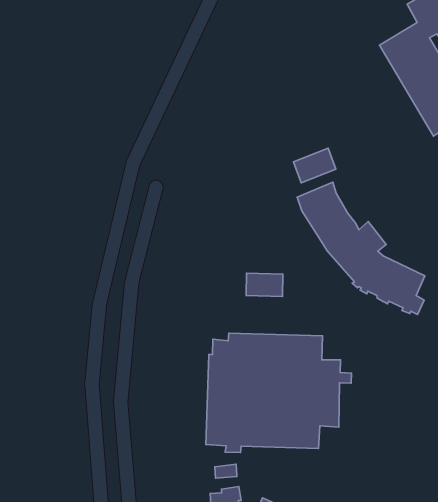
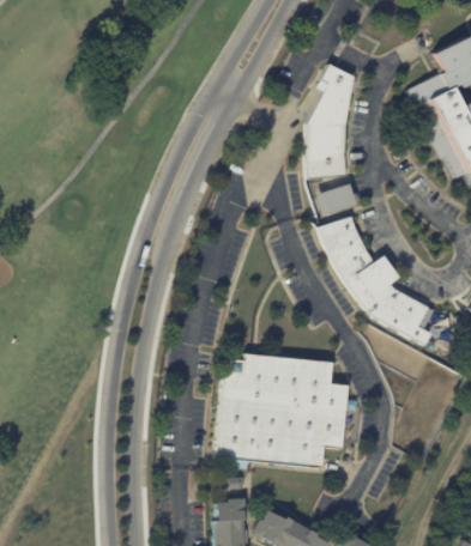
building: none -> [304,62,354,177]
building: [246,273,283,297] -> none

